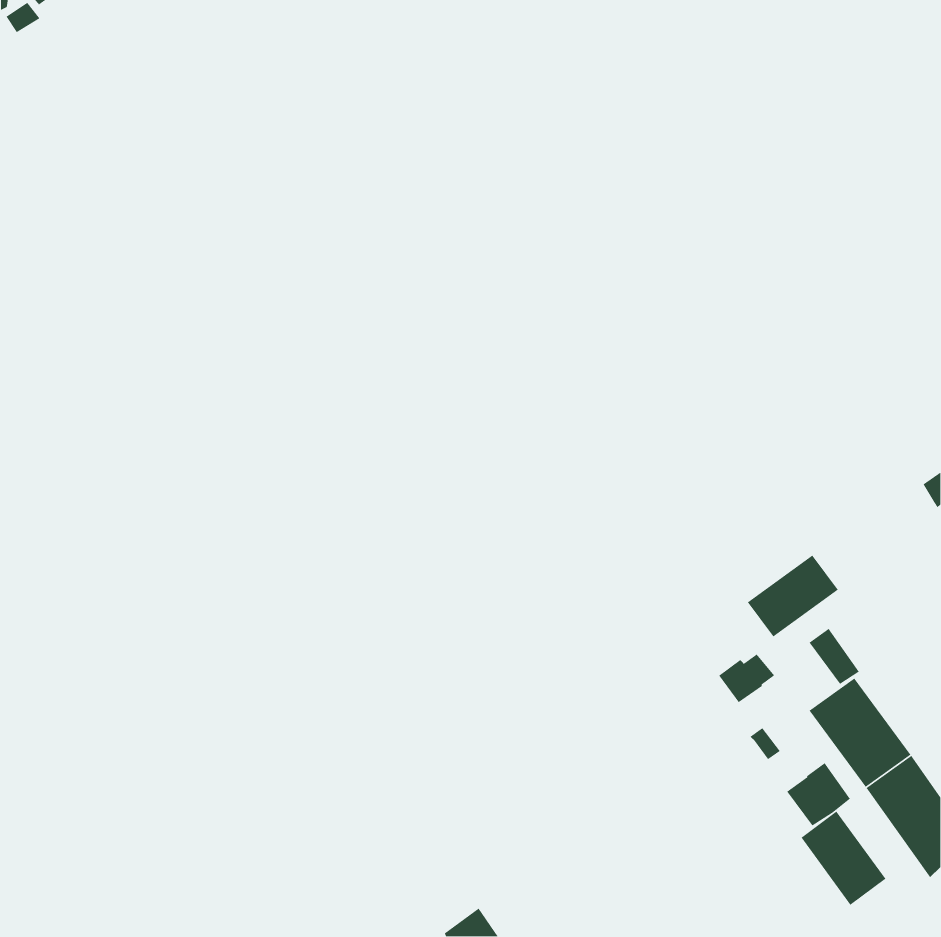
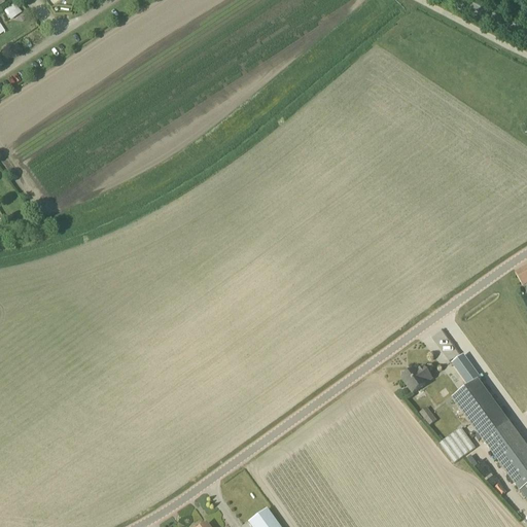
building: [747,554,839,638] -> none
building: [800,810,886,906] -> none

